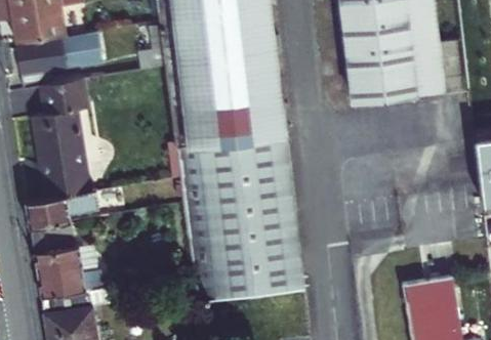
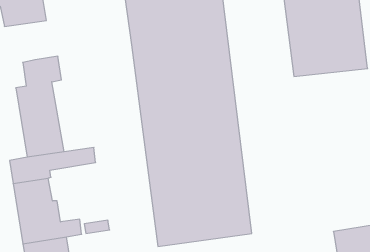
building: [18,36,95,88] -> none

